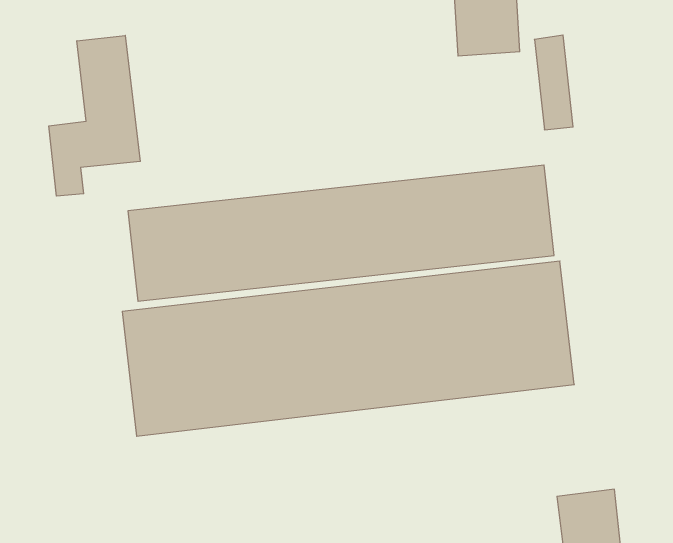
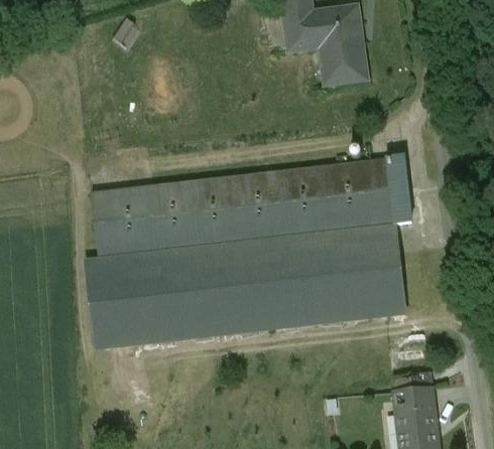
building: [534,35,573,130] -> [383,156,410,222]
building: [49,35,140,196] -> none

